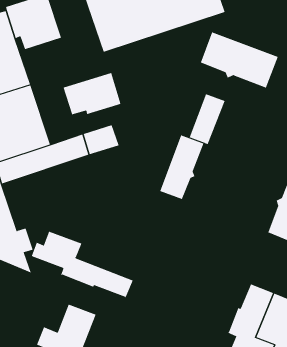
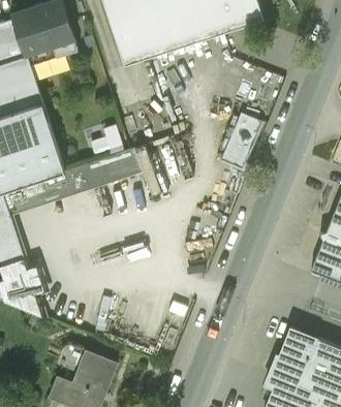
building: [200,32,278,89] -> none
building: [63,72,121,115] -> none
building: [159,134,204,200] -> none
building: [31,231,134,298] -> none

